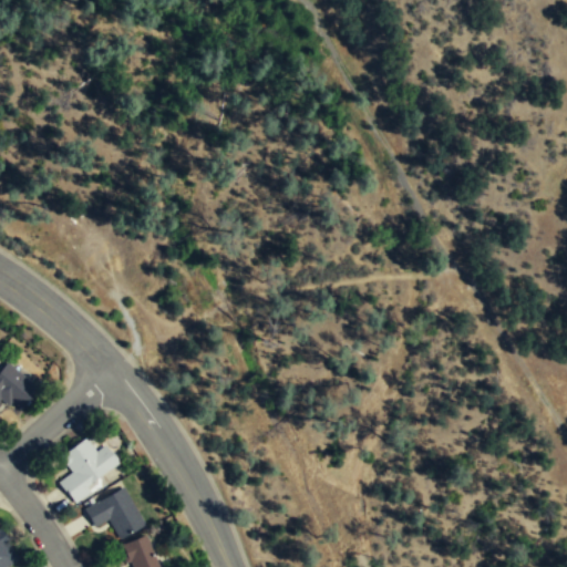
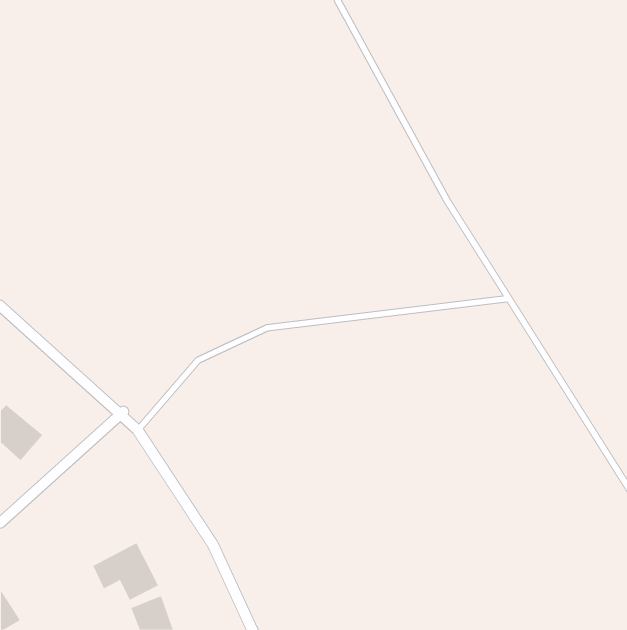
building: [59,440,121,502] -> none

